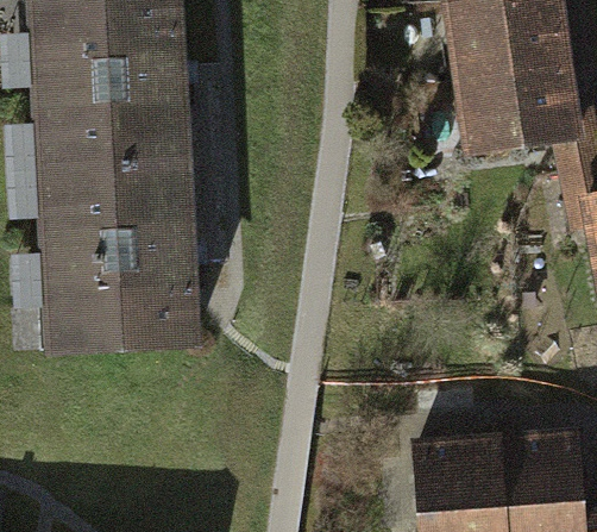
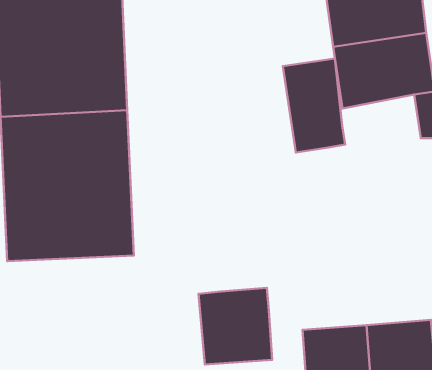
building: none -> [283,58,345,152]
building: none -> [199,288,272,365]

